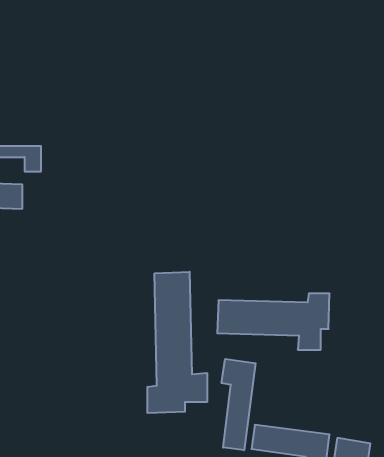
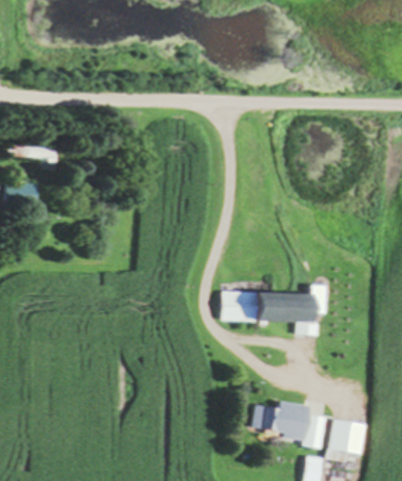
building: [148,272,207,413] -> none
building: [222,359,256,450] -> none

